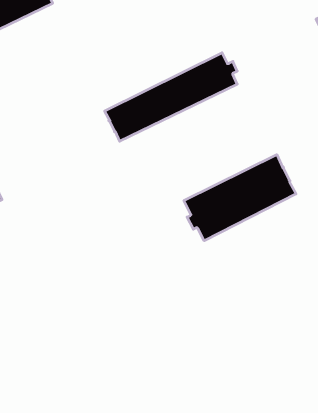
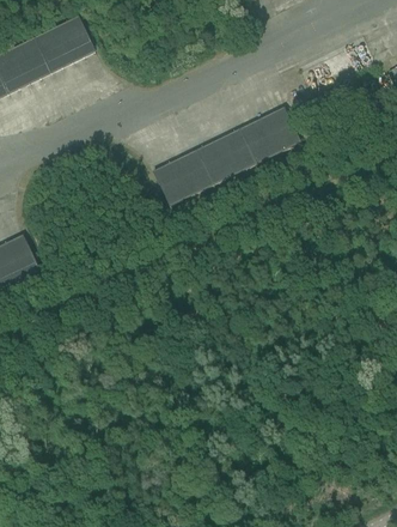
building: [184,155,296,241] -> none

